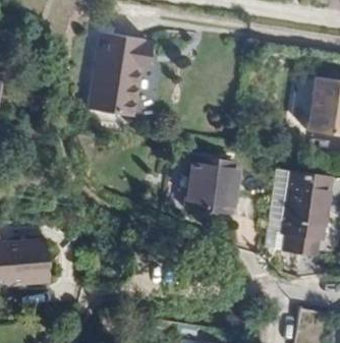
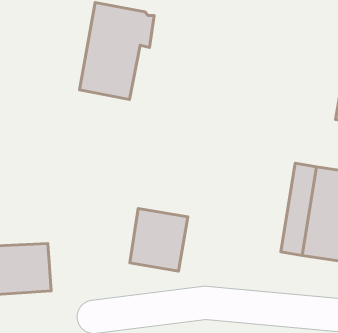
building: [182,159,232,213] -> [130,208,188,271]

